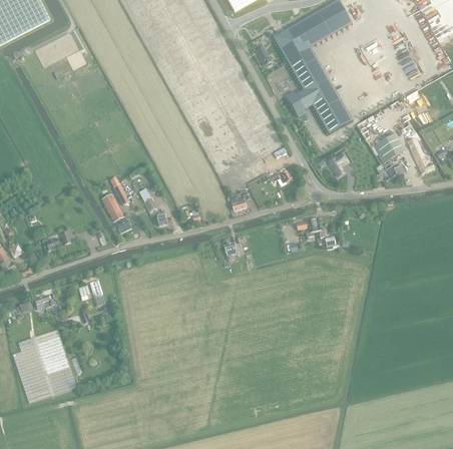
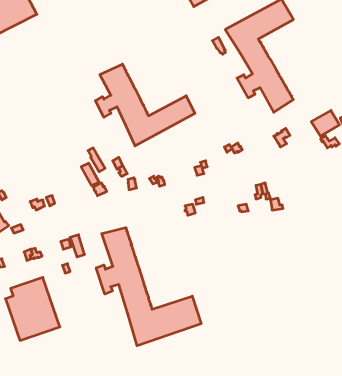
building: none -> [95,64,195,146]
building: none -> [96,228,201,346]

